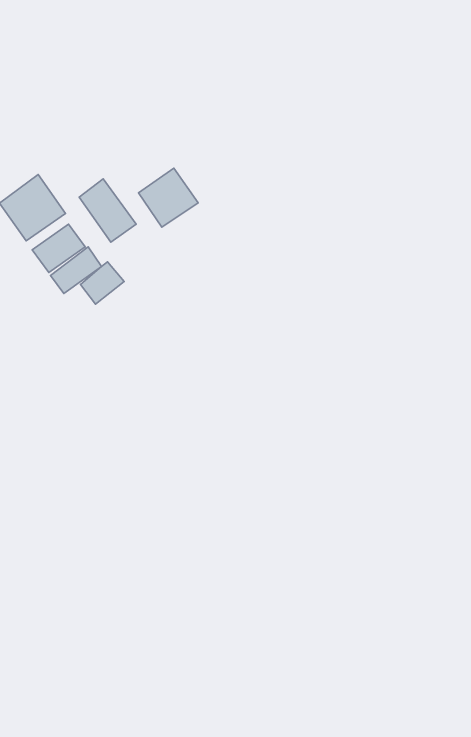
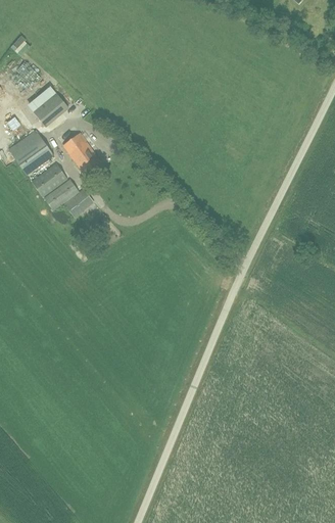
building: none -> [34,91,68,125]
building: [139,168,198,227] -> none

